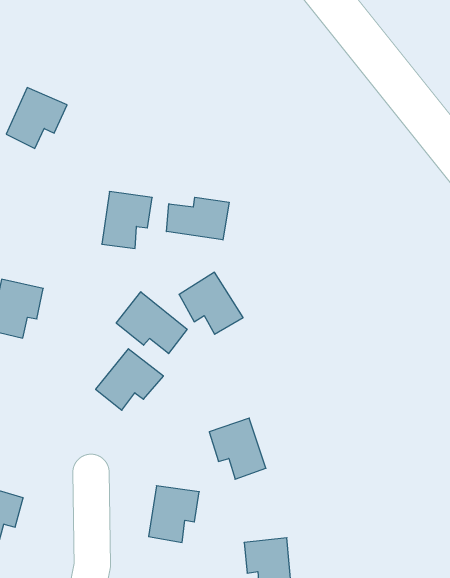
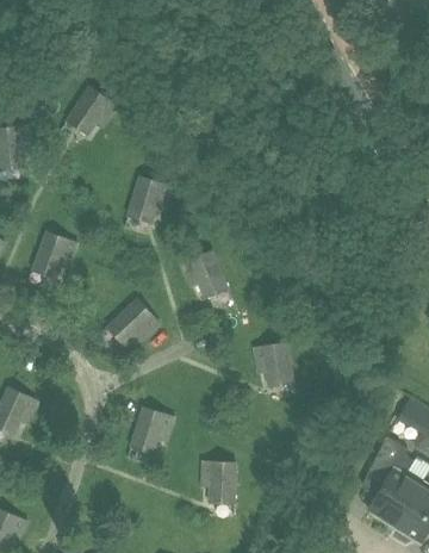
building: [166,197,229,240] -> none
building: [116,292,187,354] -> none
building: [209,418,266,479] -> [253,342,292,387]

